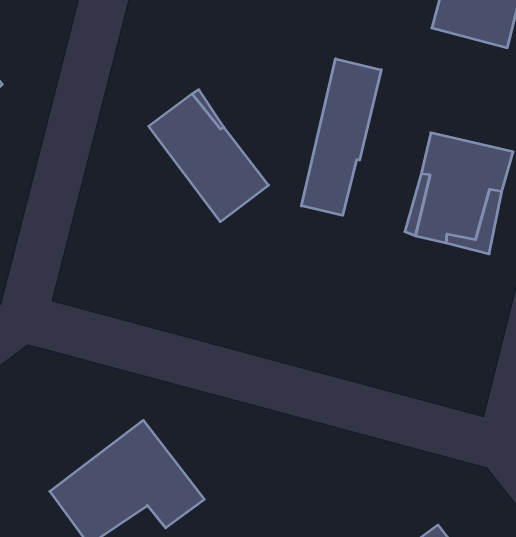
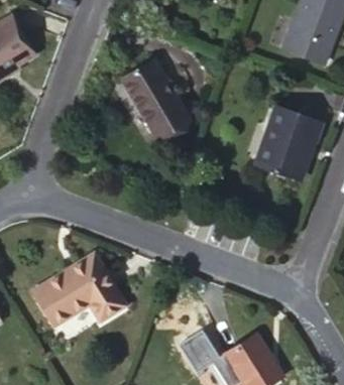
building: [301,59,381,215] -> none

